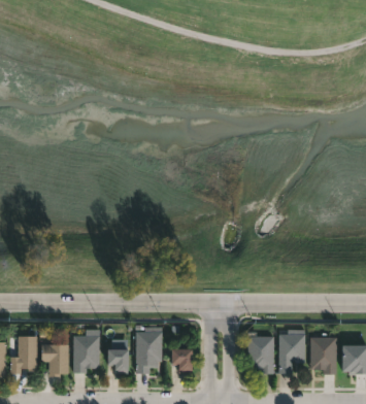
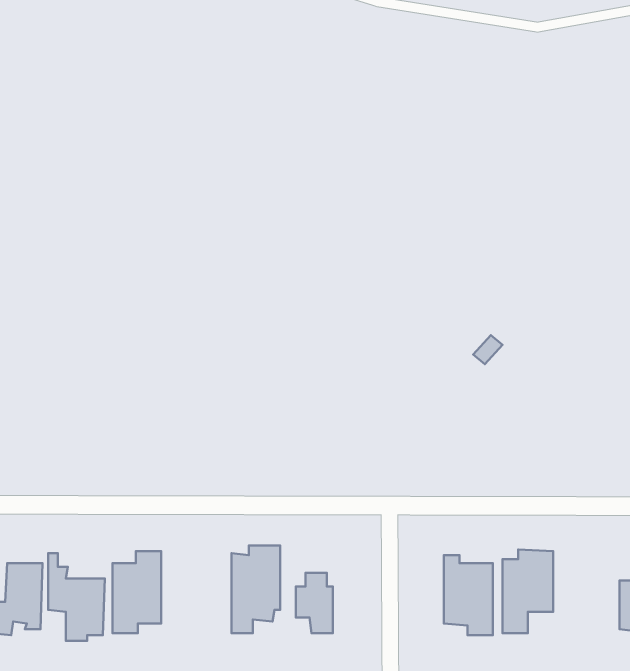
building: [310,337,336,374] -> none
building: [108,349,129,373] -> none

